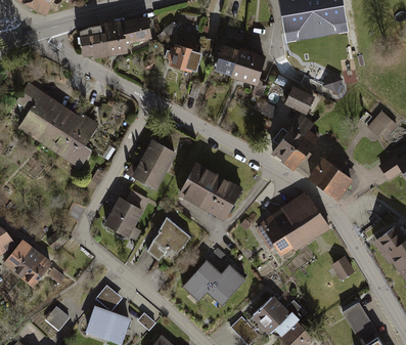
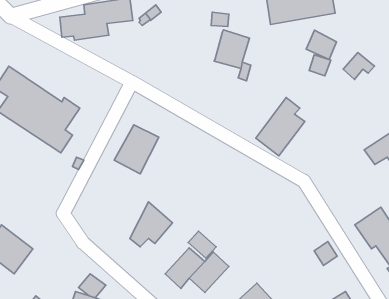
building: [168,44,202,73] -> none
building: [215,44,239,76] -> none
building: [285,86,315,115] -> [306,30,336,59]
building: [366,110,397,136] -> [343,52,374,80]
building: [305,155,352,199] -> none
building: [178,163,242,220] -> none
building: [256,191,327,254] -> none
building: [102,196,141,235] -> none

